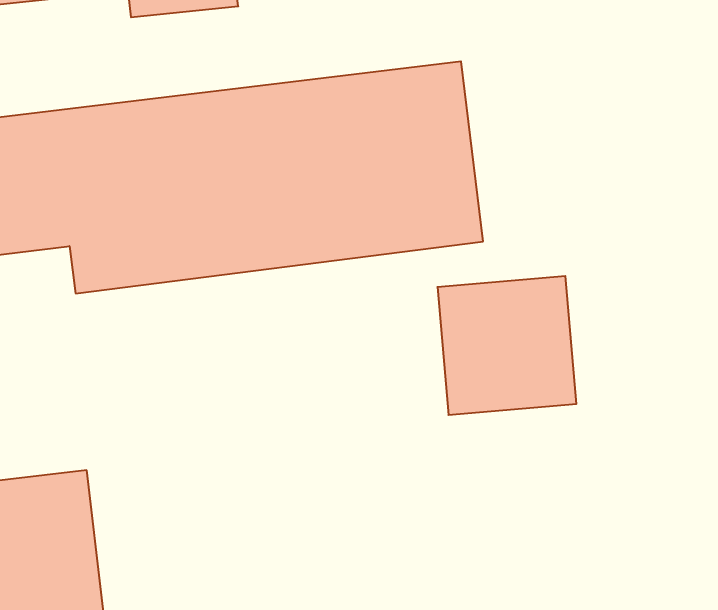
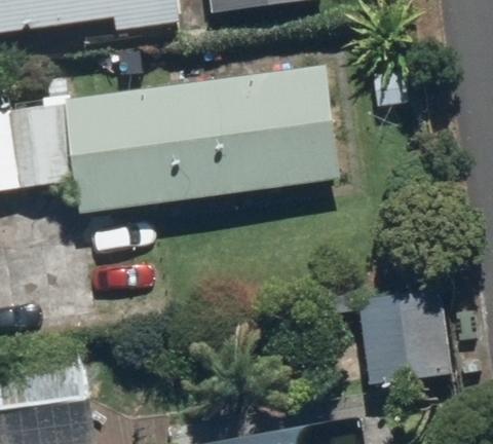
building: [437,276,576,415] -> [353,294,444,384]

